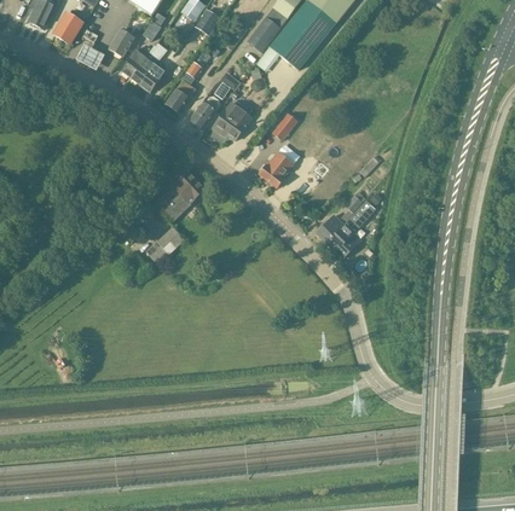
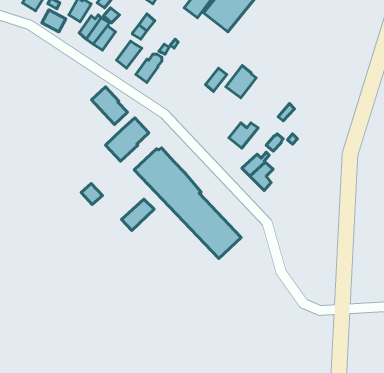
building: [212,101,251,141] -> none
building: none -> [91,87,128,124]
building: [259,150,295,188] -> [226,66,256,98]
building: none -> [134,148,241,259]
building: [146,227,185,265] -> [122,199,154,230]

